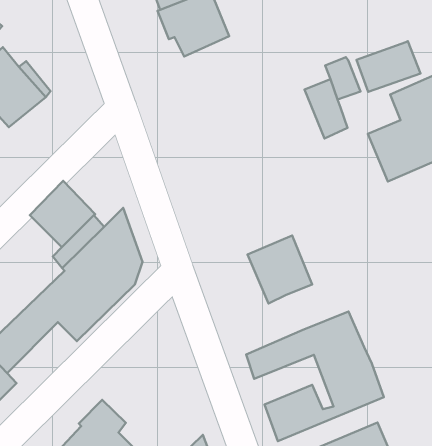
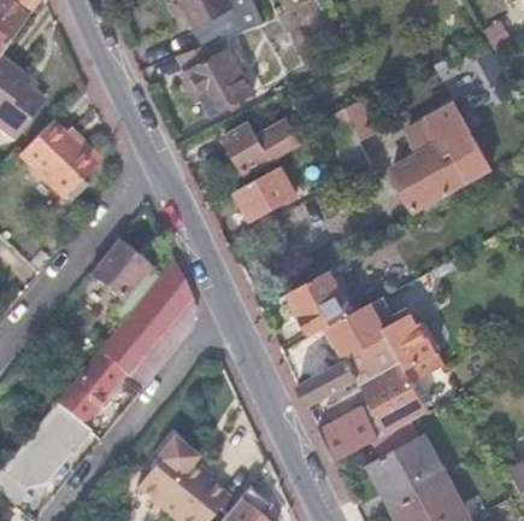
building: [357,41,421,92] -> none
building: none -> [225,123,300,171]
building: none -> [237,166,296,218]
building: none -> [330,302,436,365]

